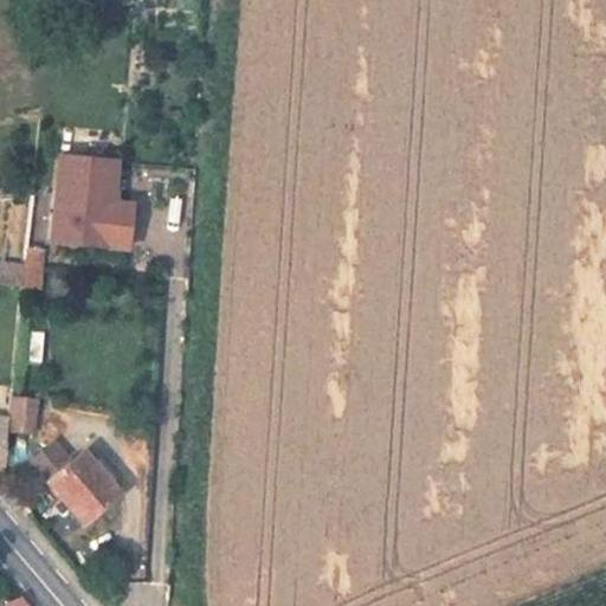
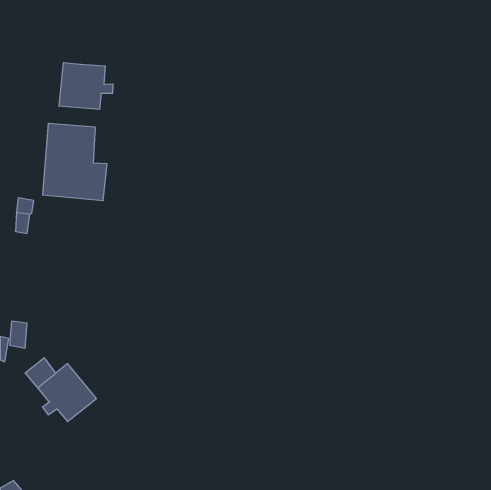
building: none -> [59,63,113,109]

